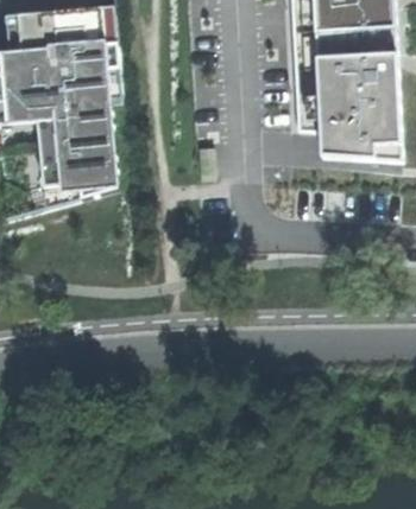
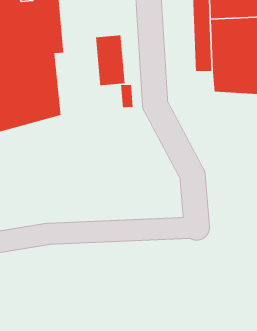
building: none -> [95,35,126,86]

